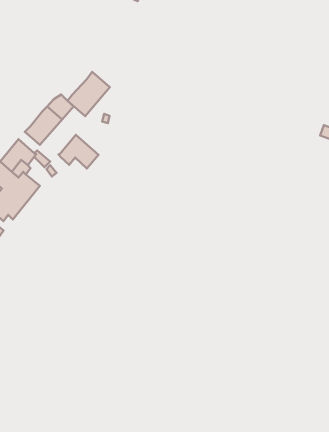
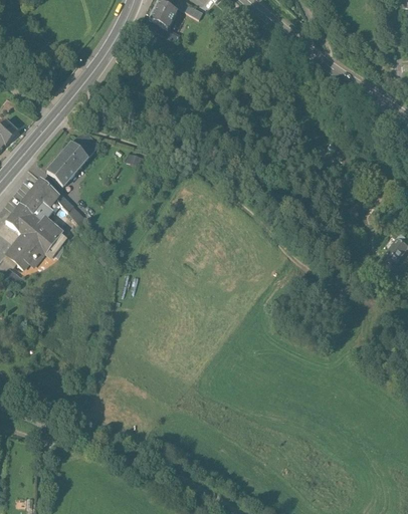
building: [68,72,110,116] -> none
building: [59,135,99,168] -> none

